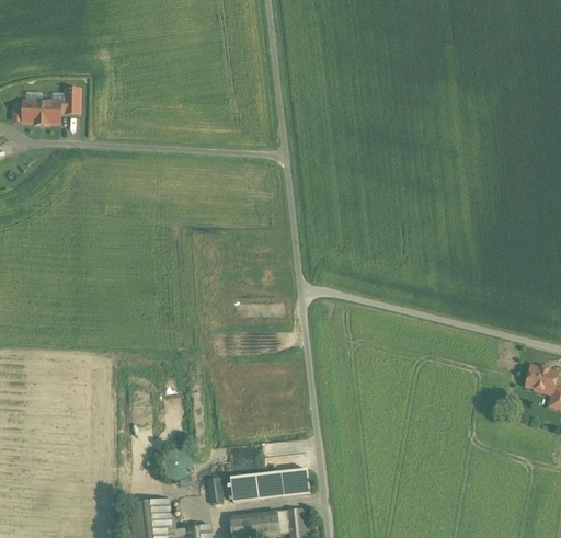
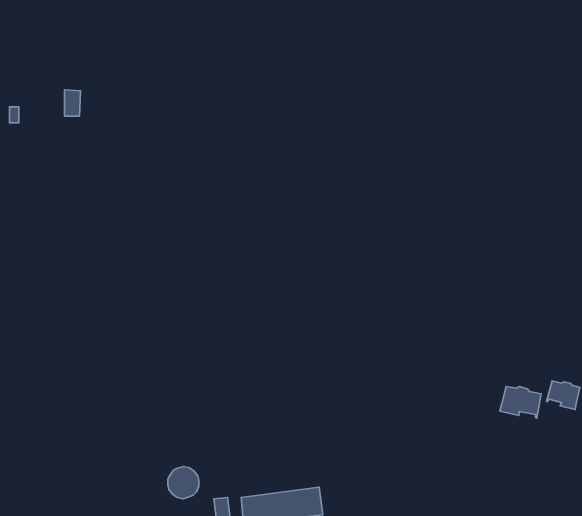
building: [22,99,64,124] -> none
building: none -> [500,386,541,418]

